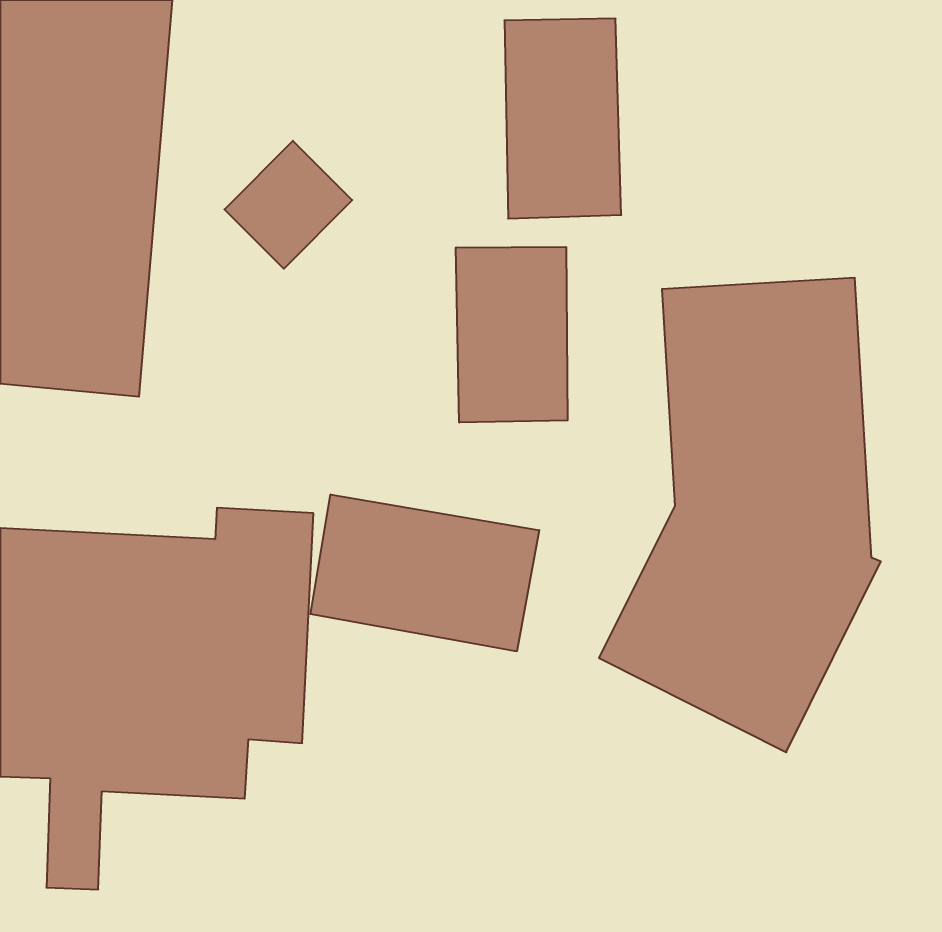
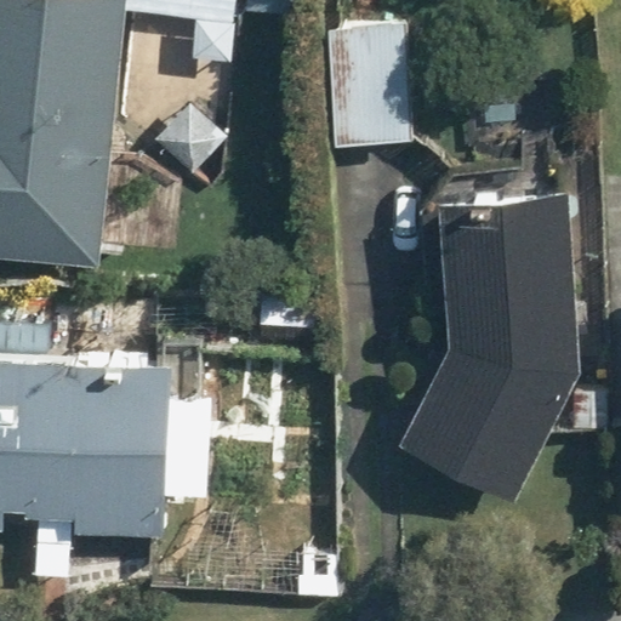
building: [456,247,568,423] -> none
building: [310,494,539,651] -> none

